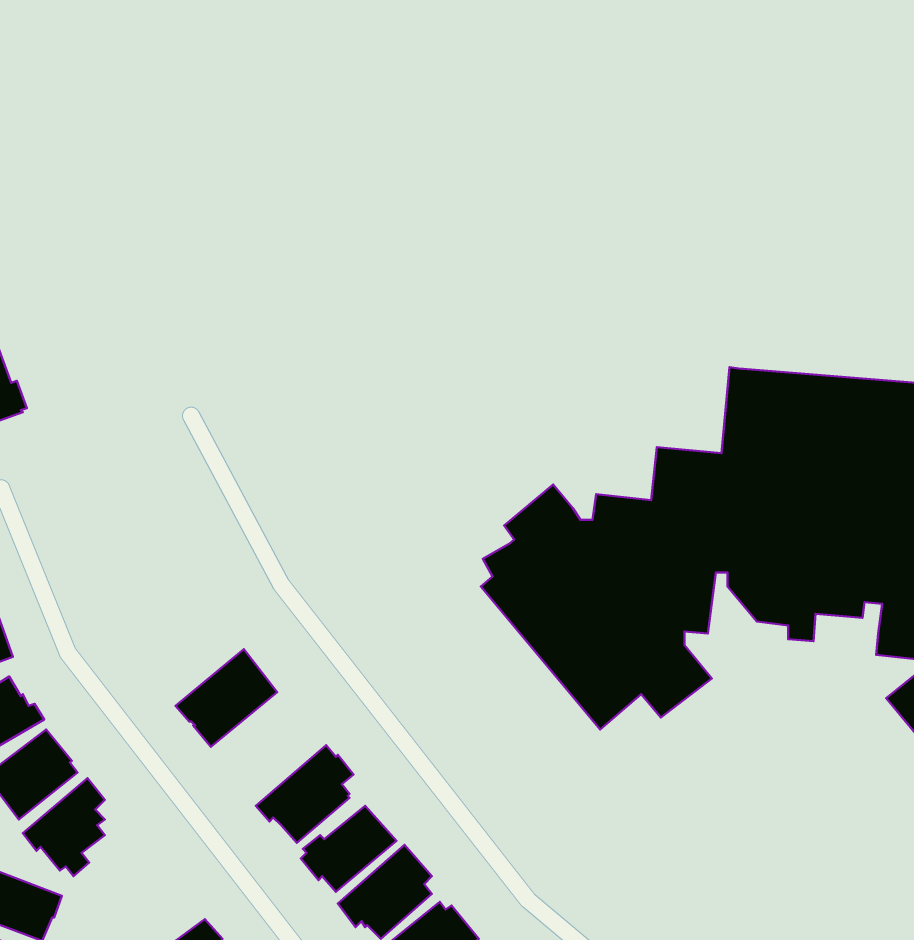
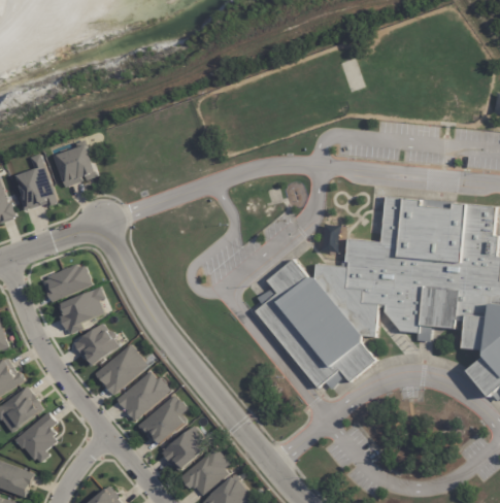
building: none -> [53,145,98,189]
building: none -> [16,155,58,211]
building: none -> [43,264,93,303]
building: none -> [57,288,105,336]
building: none -> [73,325,119,367]
building: none -> [115,372,171,423]

